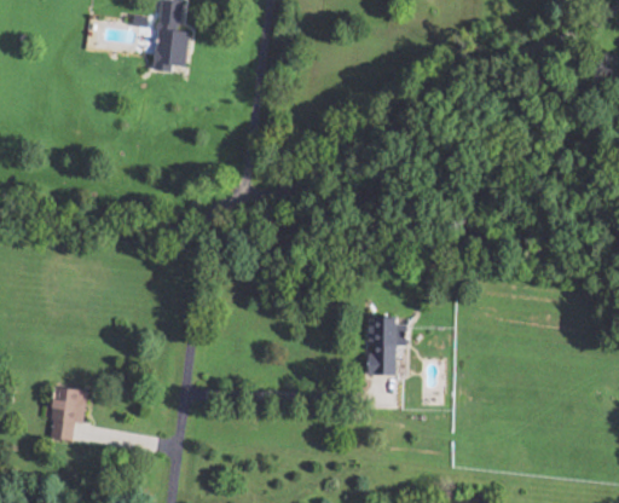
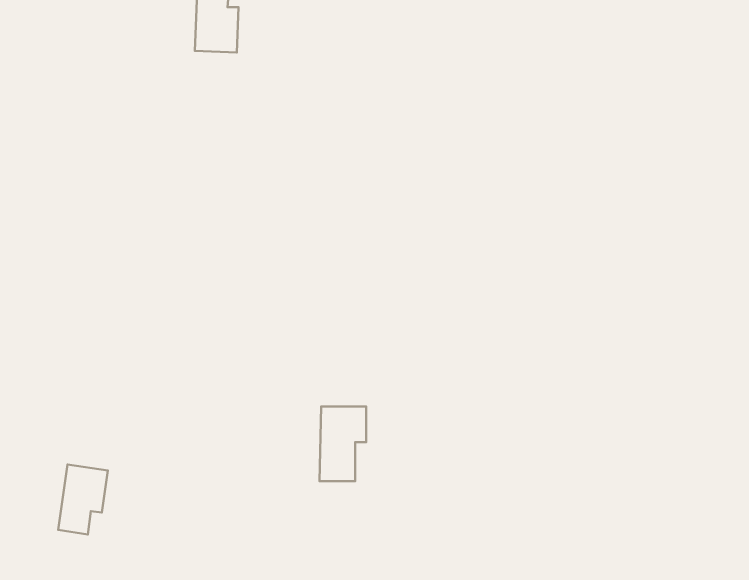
building: [368,317,404,375] -> [319,407,366,481]

